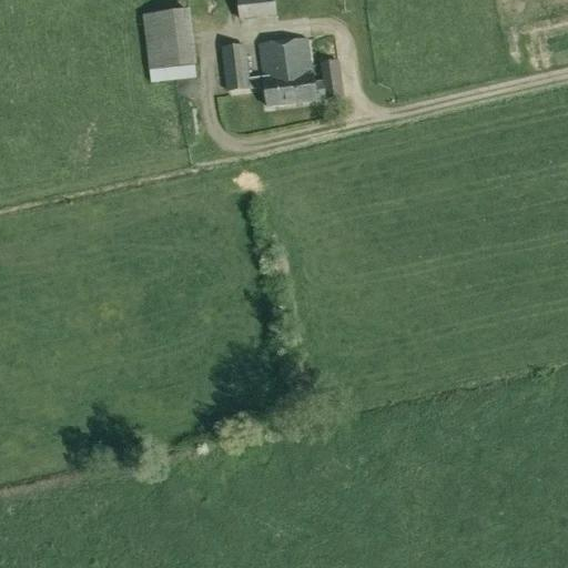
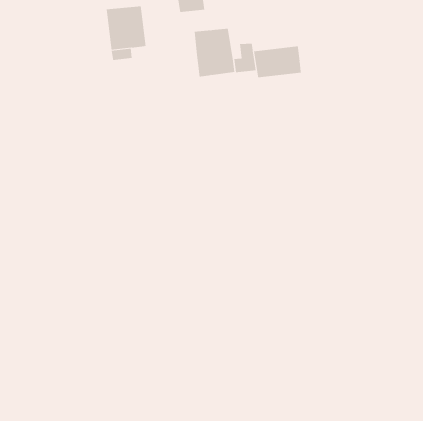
building: [222,42,264,89] -> none
building: none -> [254,46,302,78]

